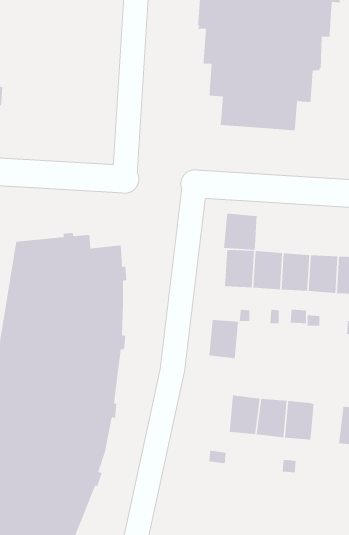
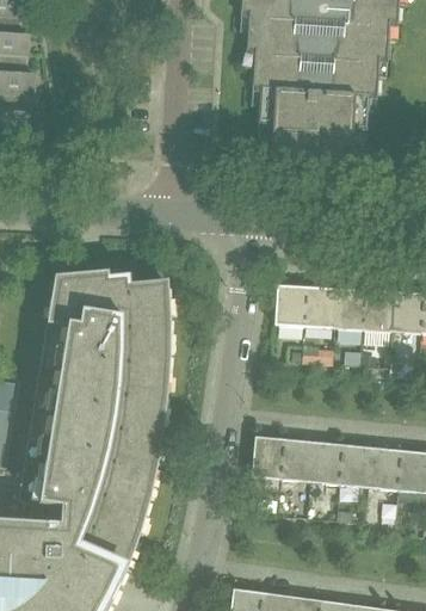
building: [224,213,257,250] -> none
building: [209,319,239,359] -> [252,437,284,479]
building: none -> [368,449,401,490]

